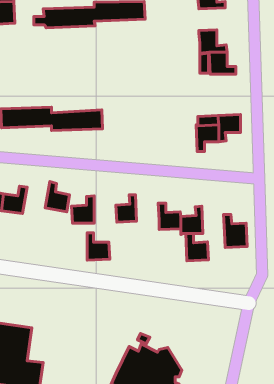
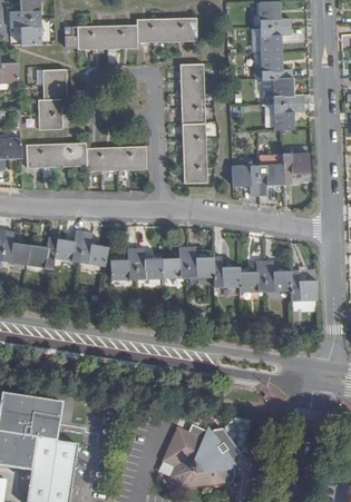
building: none -> [253,26,291,52]
building: none -> [181,62,206,183]
building: none -> [38,69,66,130]
building: none -> [273,104,304,129]
building: none -> [231,164,257,195]
building: none -> [53,229,84,262]
building: none -> [185,246,213,277]
building: [87,233,110,260] -> [136,247,163,279]
building: [186,233,208,261] -> [263,259,290,292]

